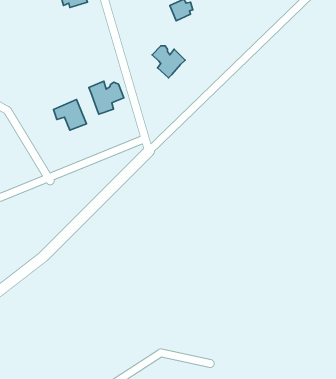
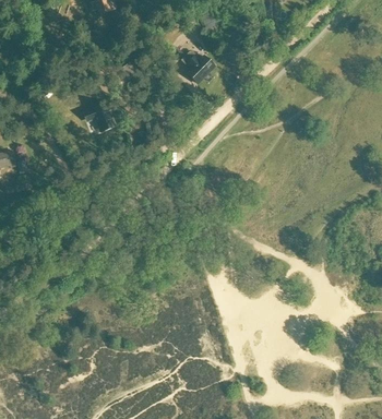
building: [89,81,124,114] -> none

